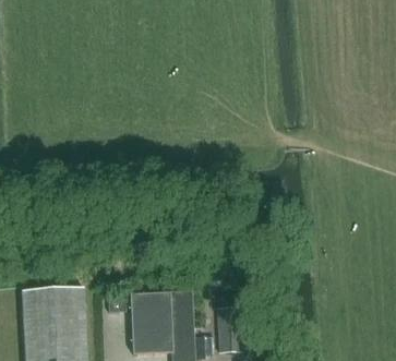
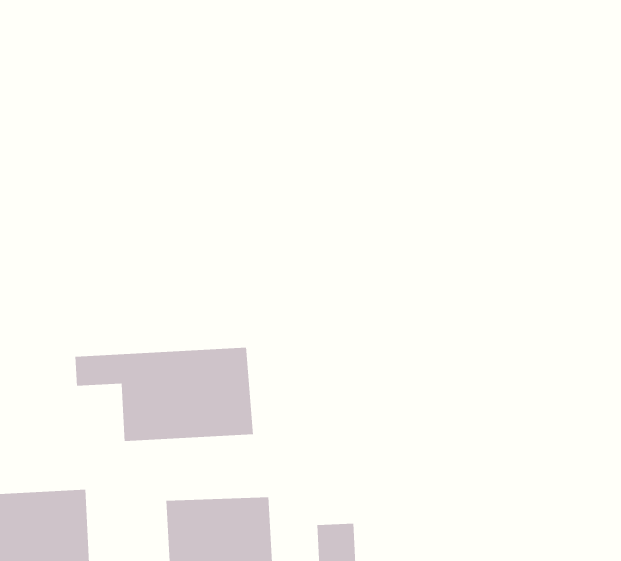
building: none -> [75,347,254,442]

